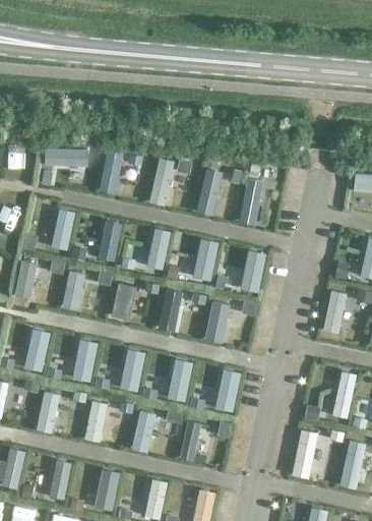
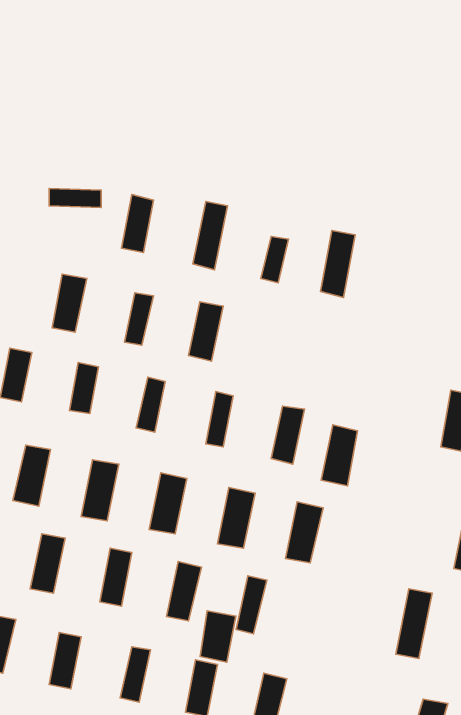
building: [192,238,219,280] -> none
building: [240,249,265,292] -> [321,425,358,486]
building: none -> [200,611,236,662]

